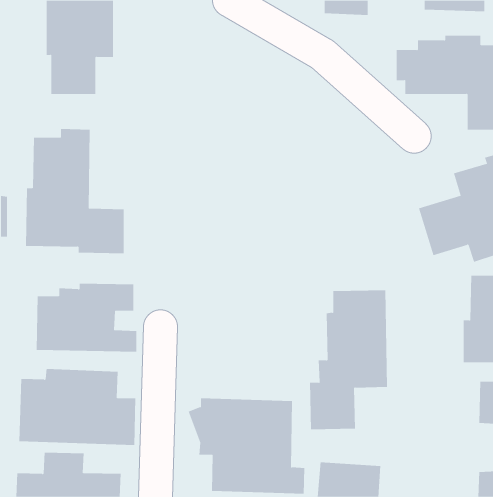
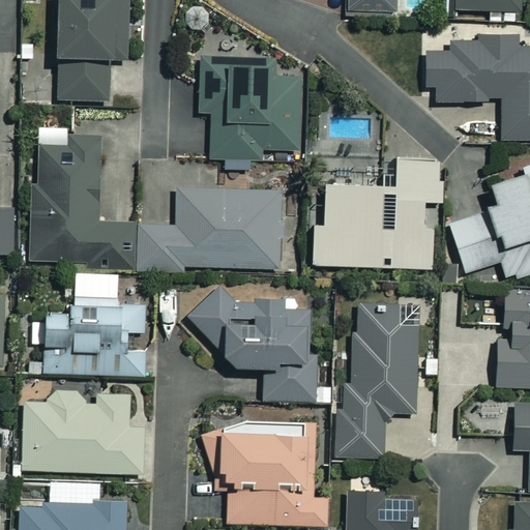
building: none -> [200,57,299,160]
building: none -> [313,163,443,268]
building: none -> [137,188,282,271]
building: none -> [186,288,317,403]

